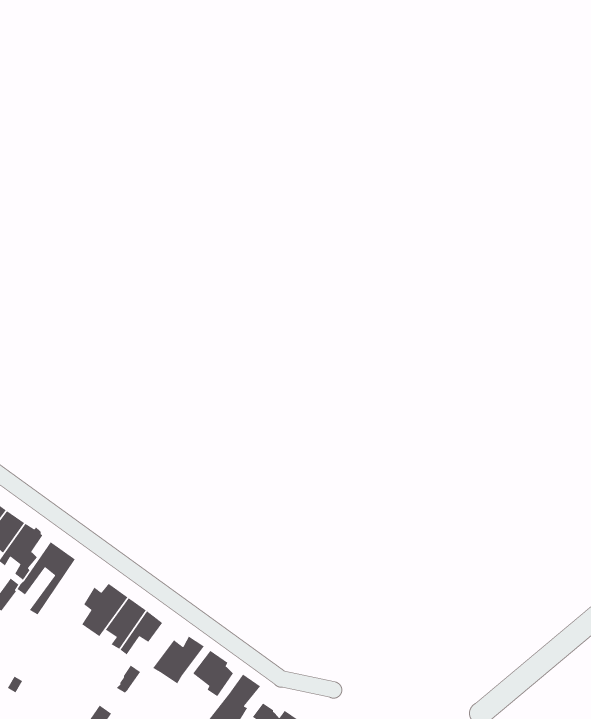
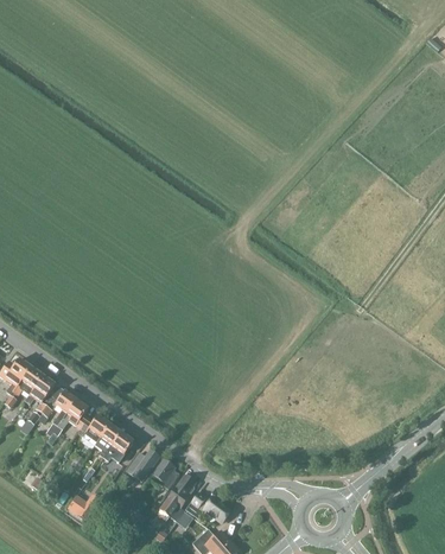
building: none -> [51,400,88,439]

